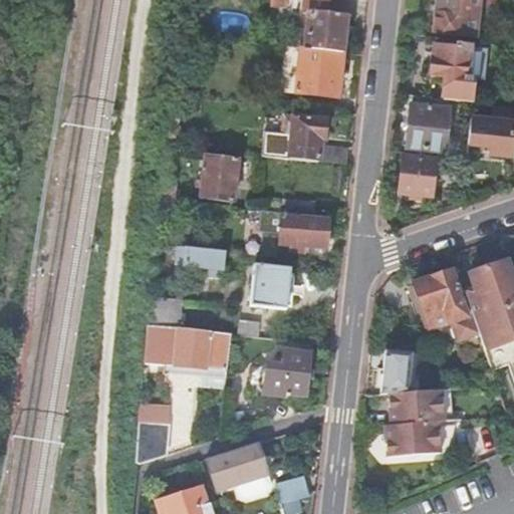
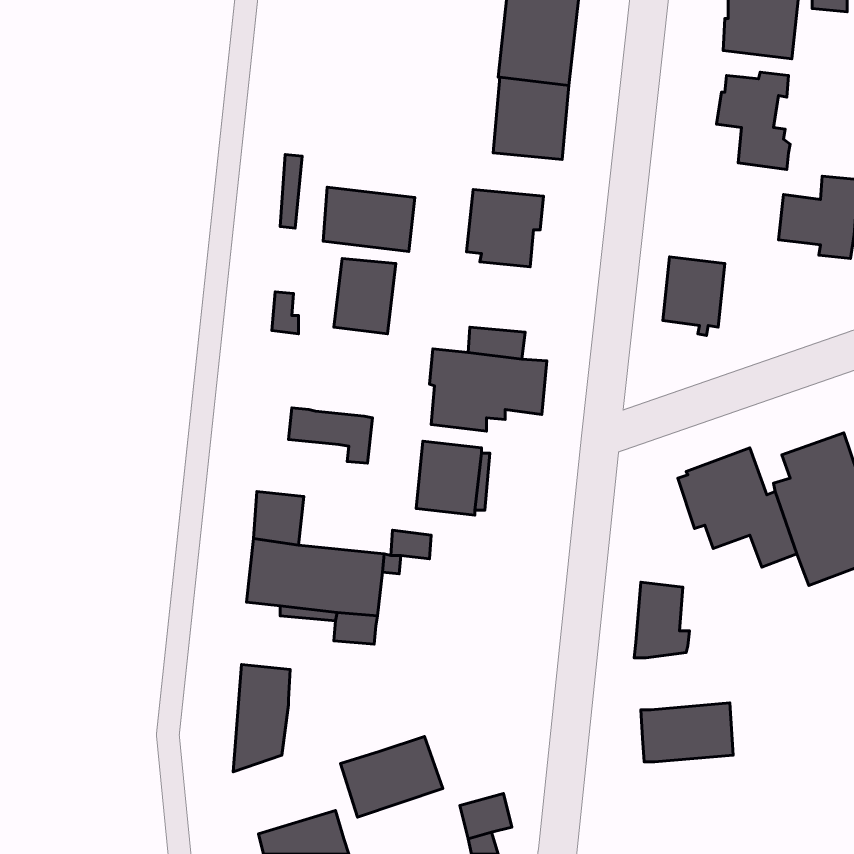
building: [406,103,449,152] -> none
building: none -> [323,187,415,251]
building: [258,348,310,395] -> none
building: [389,389,445,425] -> none

